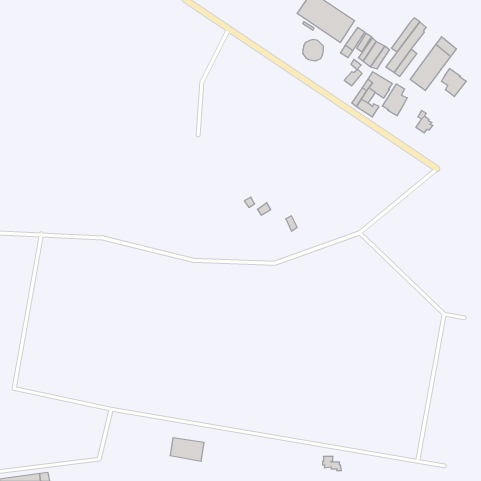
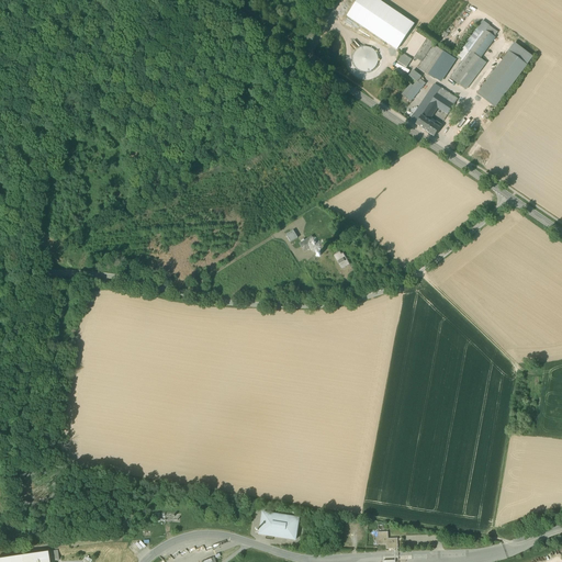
building: [441,68,466,97] -> none
building: [382,84,407,116] -> none
building: [170,438,204,461] -> [258,512,297,539]

